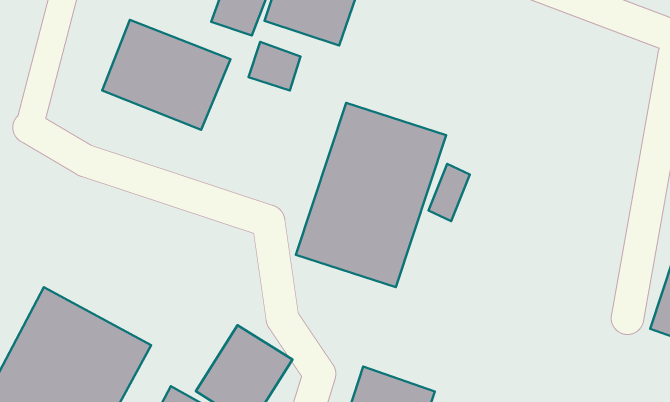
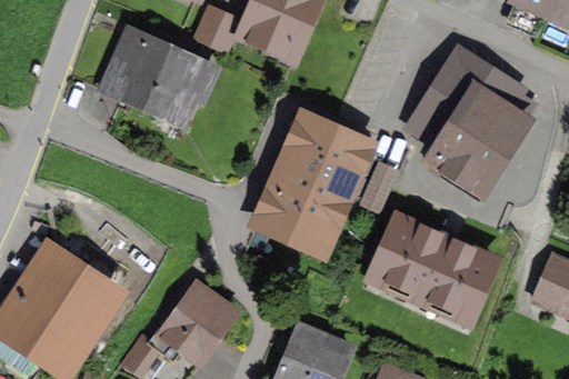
building: none -> [403,47,533,196]
building: [249,42,301,91] -> none
building: none -> [365,211,506,328]

